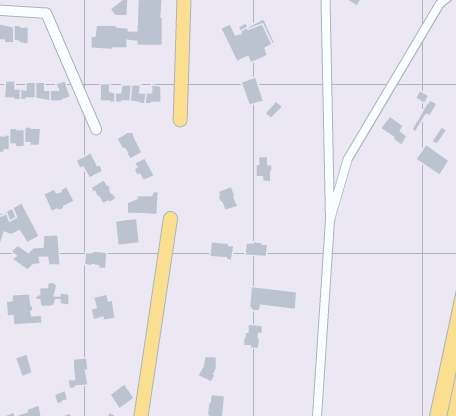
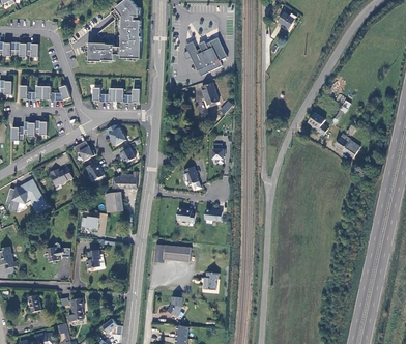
building: [12,235,60,270] -> none
building: [250,286,297,311] -> [153,243,190,262]
building: [6,294,42,325] -> none

